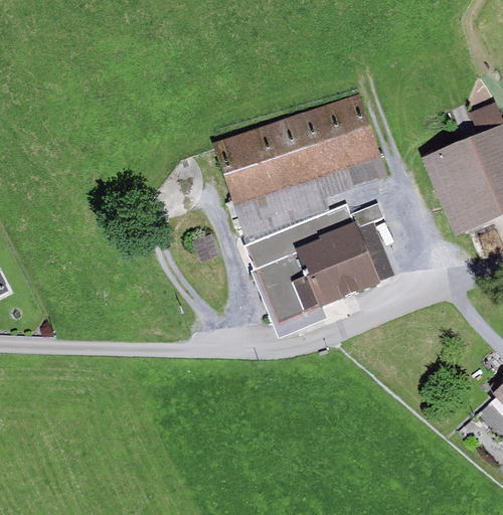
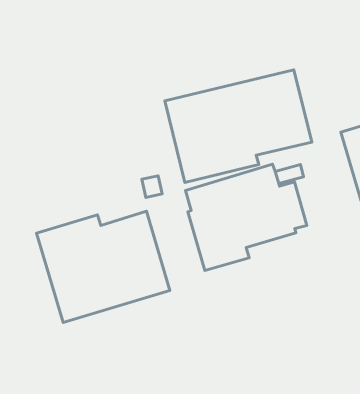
building: none -> [36,211,170,322]

